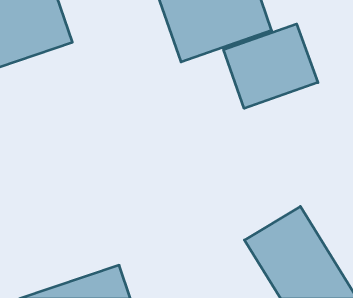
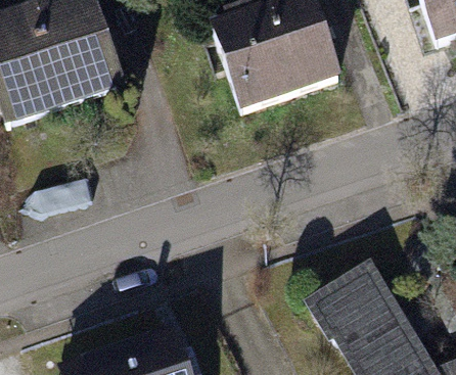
building: [224,24,318,108] -> none

